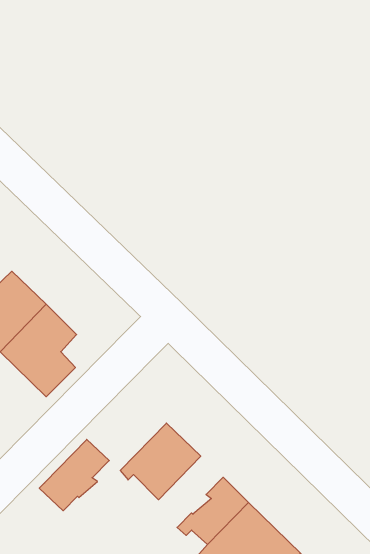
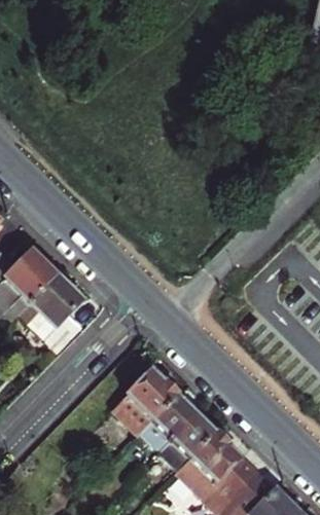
building: [39,439,109,511] -> [142,395,197,450]

